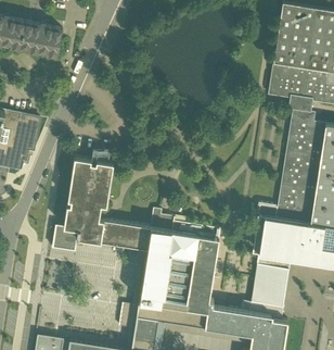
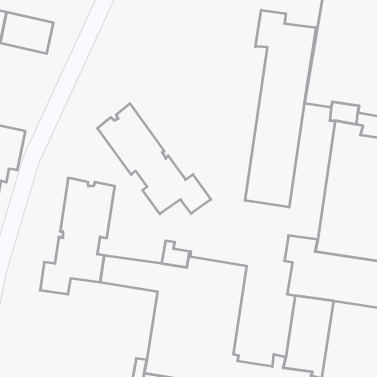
building: none -> [245,10,316,207]
building: none -> [97,104,211,214]

